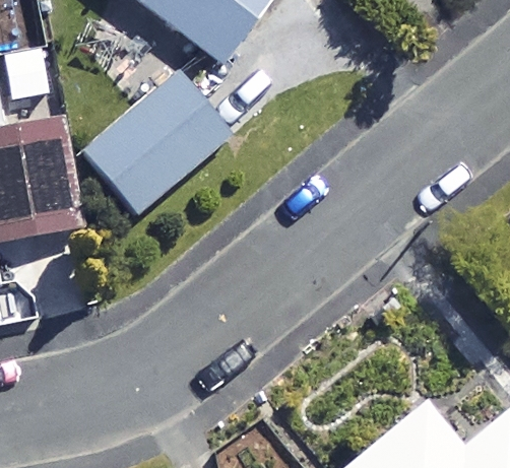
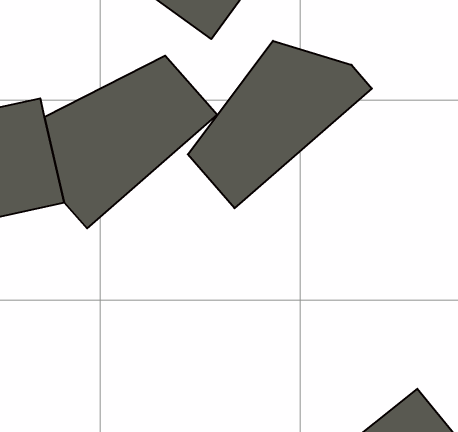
building: none -> [188,41,372,208]

